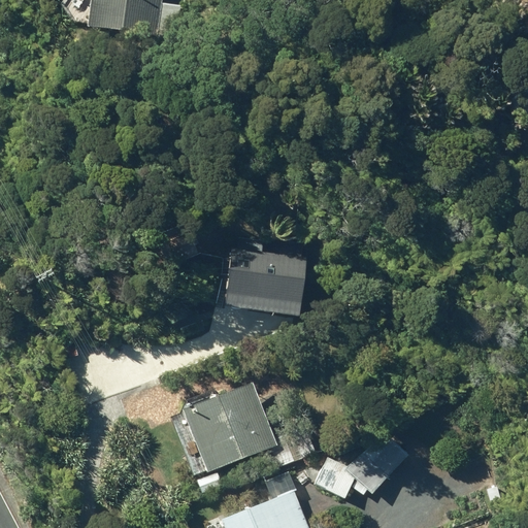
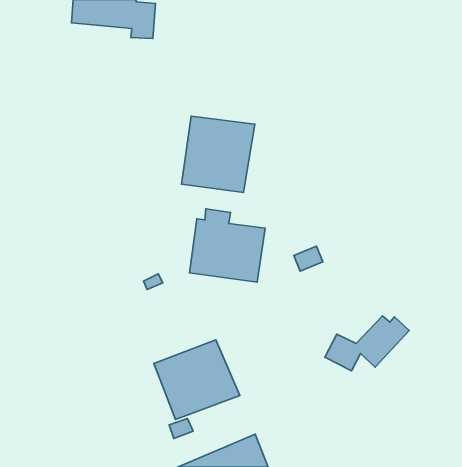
building: none -> [181,116,255,193]
building: [316,437,410,499] -> [325,316,409,371]

